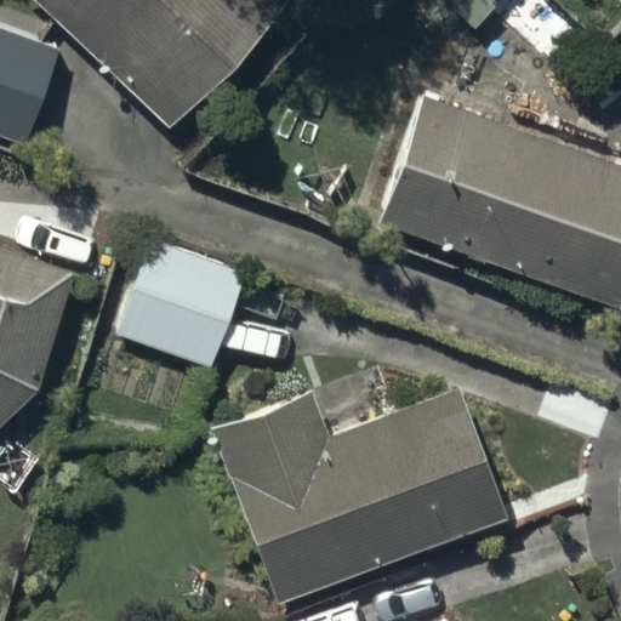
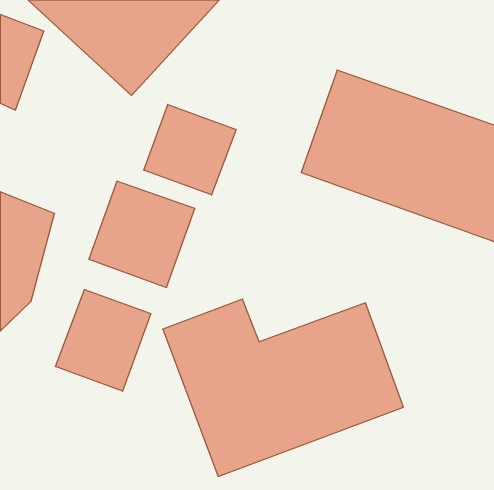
building: none -> [144,104,236,195]
building: none -> [56,290,151,391]

